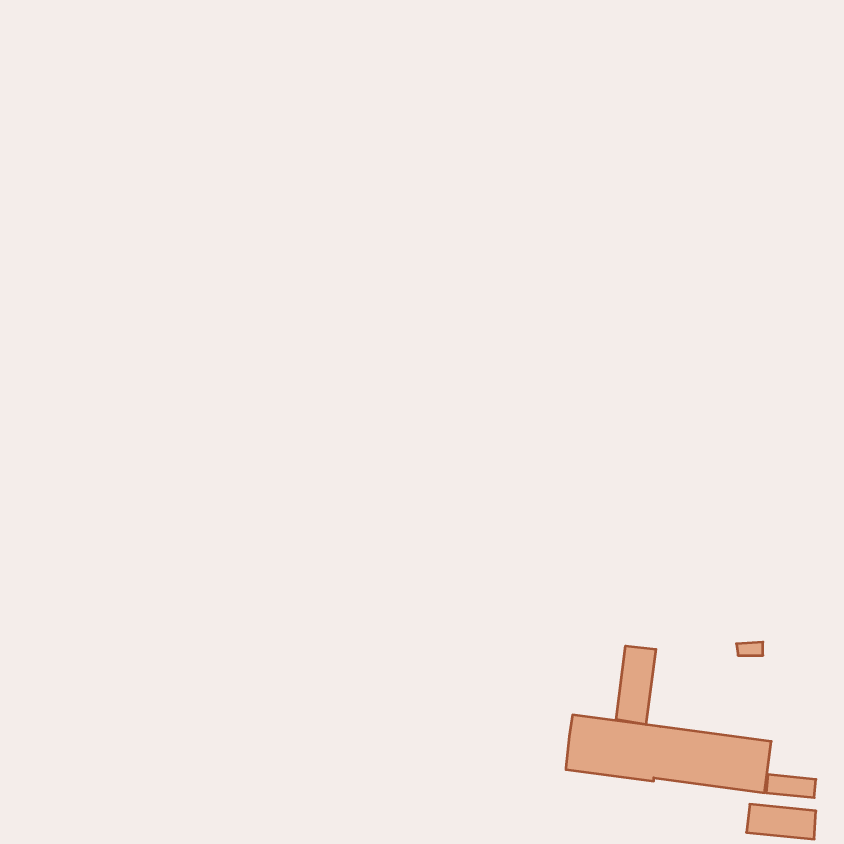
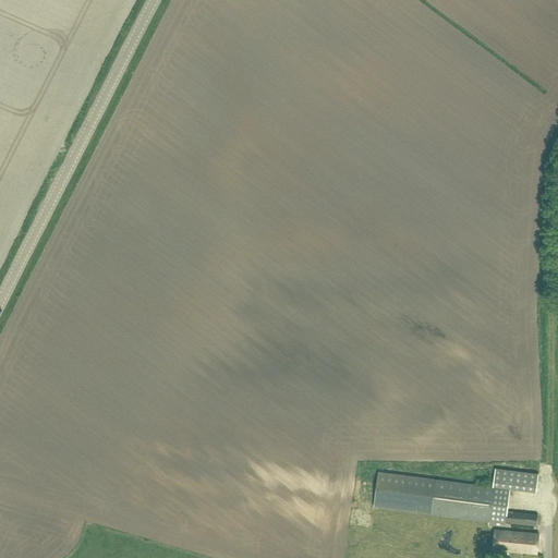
building: [616,646,656,725] -> none
building: none -> [493,468,537,492]

